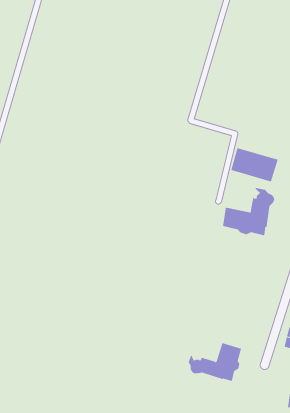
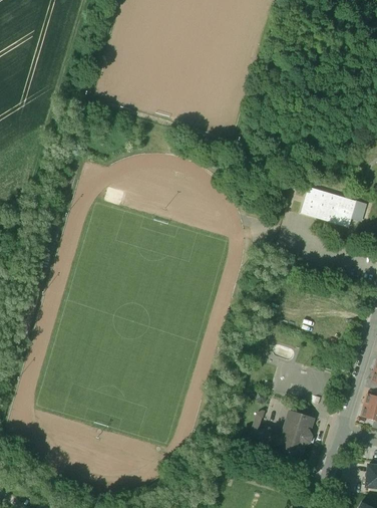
building: [222,187,275,236] -> none

